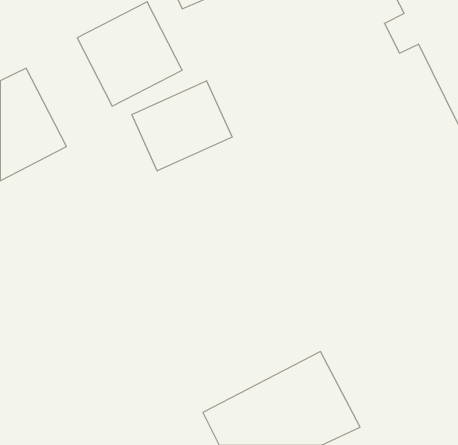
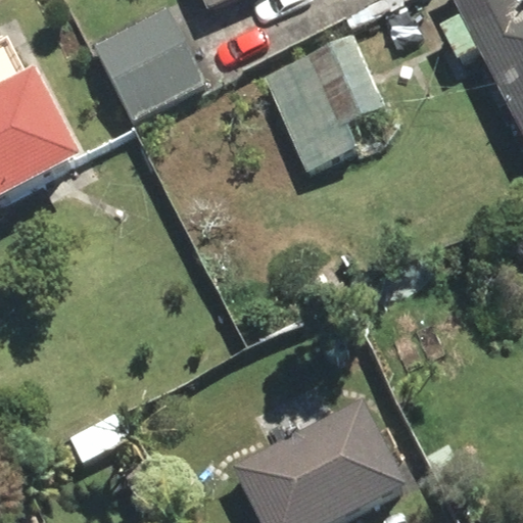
building: none -> [264,35,385,171]
building: [132,81,232,171] -> none

